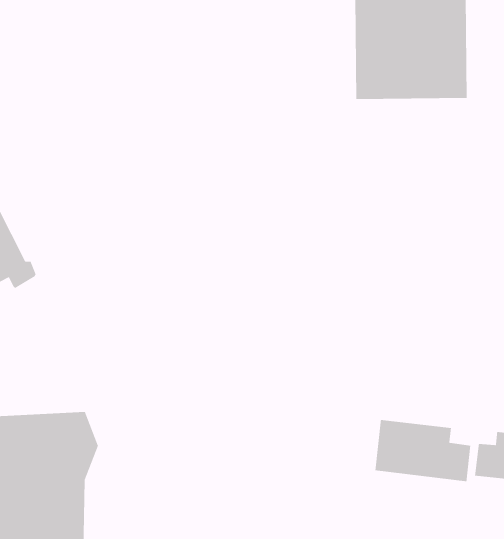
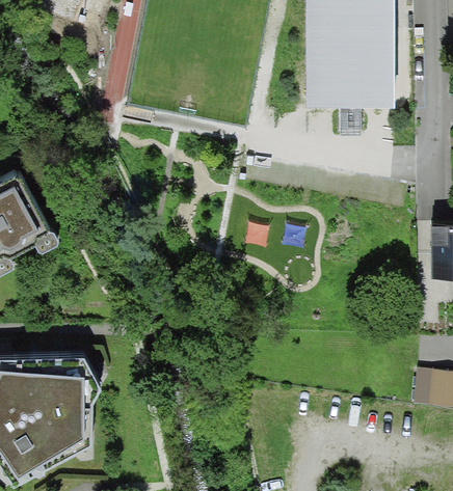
building: [374,419,471,482] -> none

